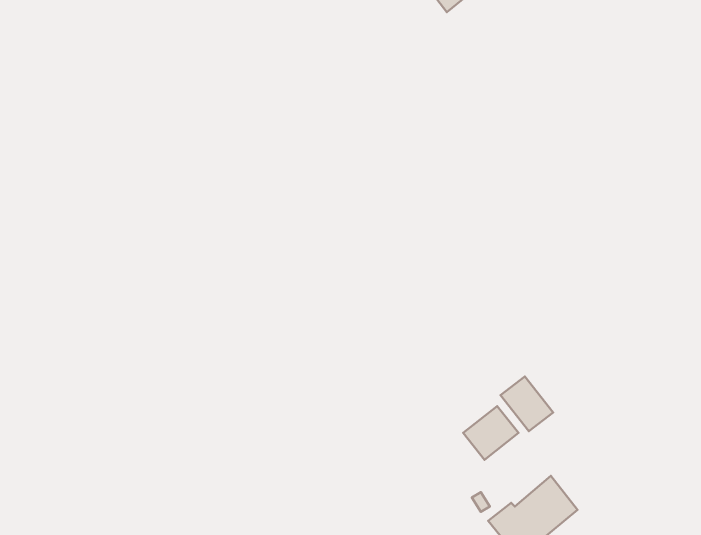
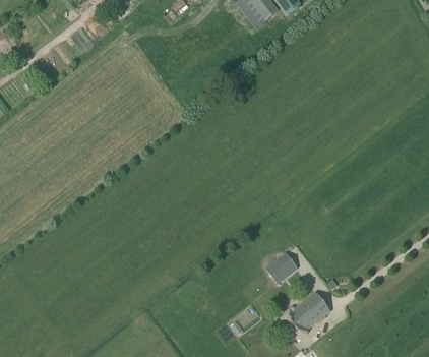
building: [501,376,553,431] -> none

